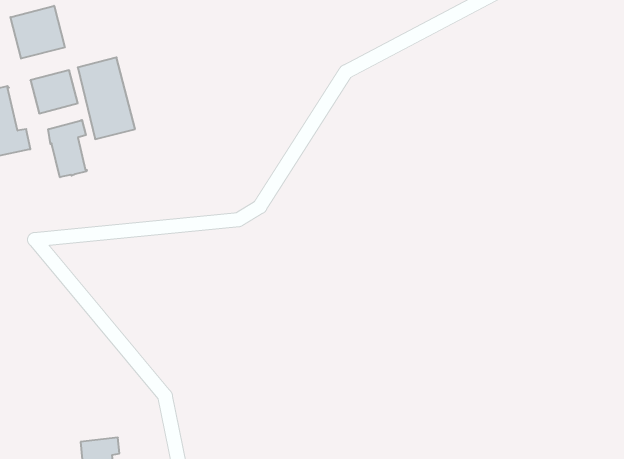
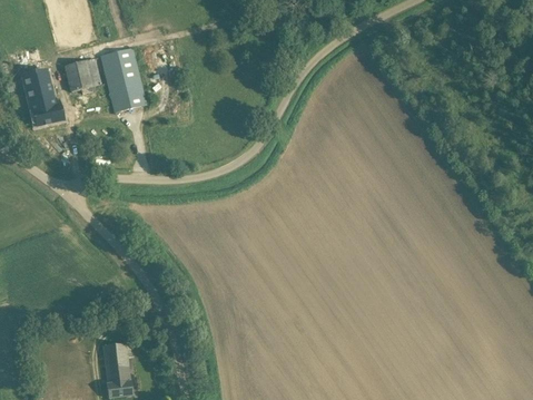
building: [10,6,65,59] -> none
building: [48,120,87,177] -> none

